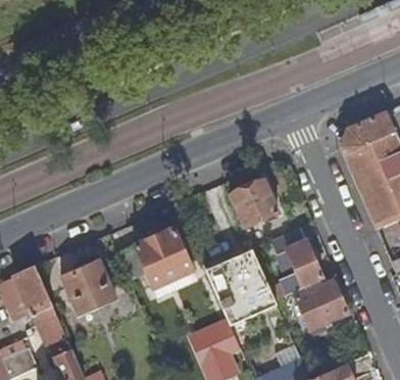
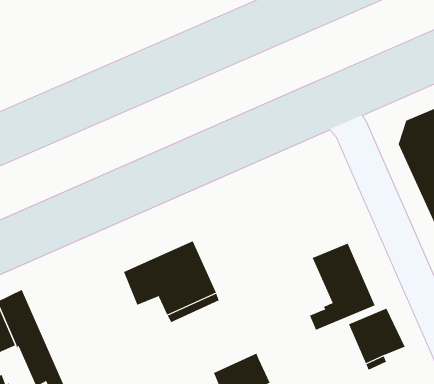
building: [230,181,277,228] -> none
building: [204,249,276,324] -> none
building: [61,262,113,315] -> none

